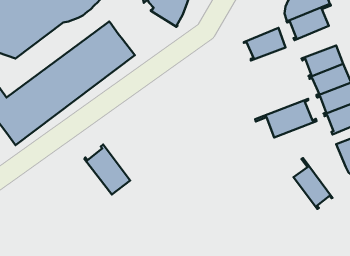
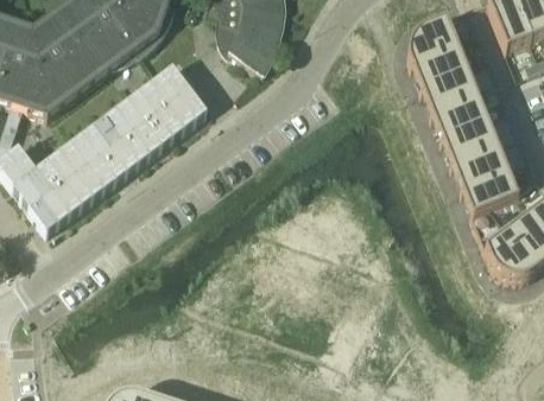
building: [244,28,285,61] -> [423,70,479,114]
building: [255,99,316,137] -> none
building: [84,145,130,194] -> none
building: [294,158,333,209] -> none

